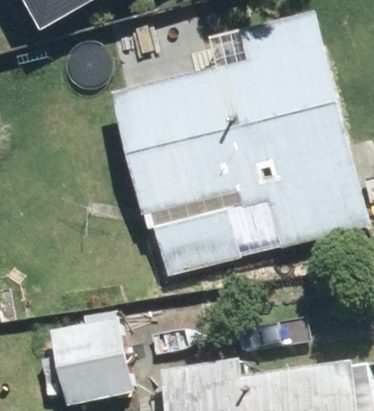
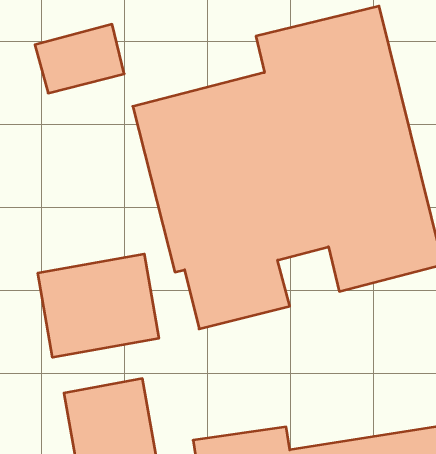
building: none -> [38,254,159,357]

